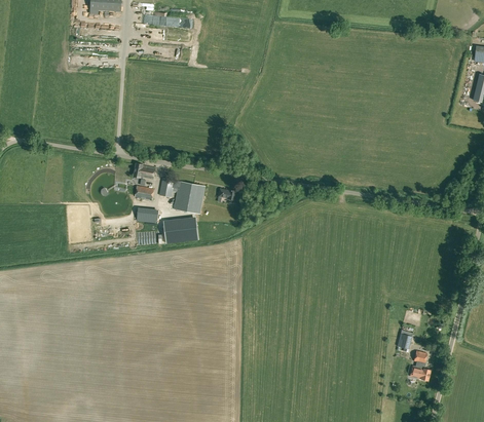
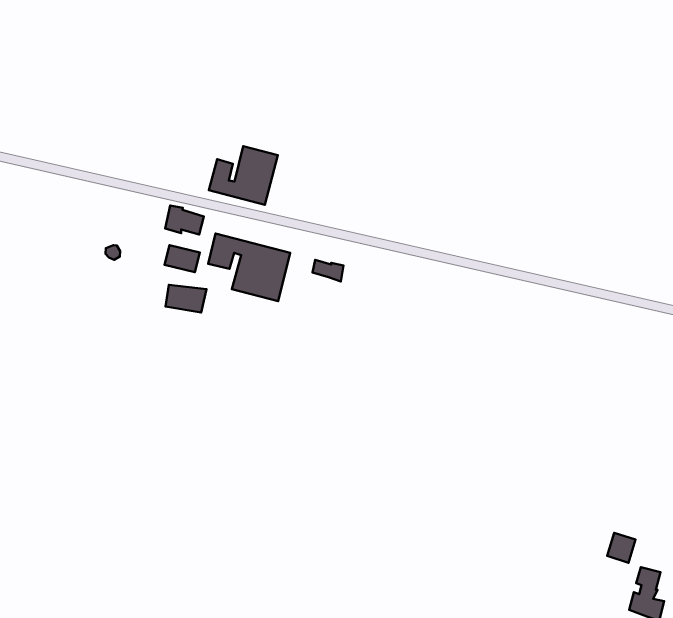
building: none -> [209,146,278,205]
building: [164,220,199,242] -> none

